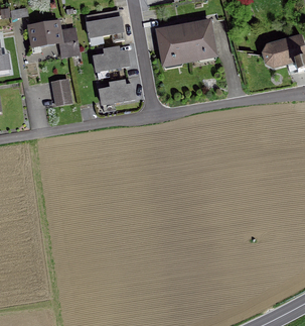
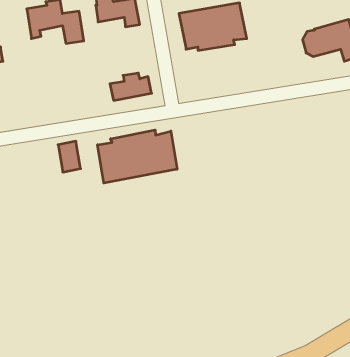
building: [94,47,128,71] -> none
building: [51,79,70,105] -> [58,141,81,172]
building: none -> [98,130,177,183]

